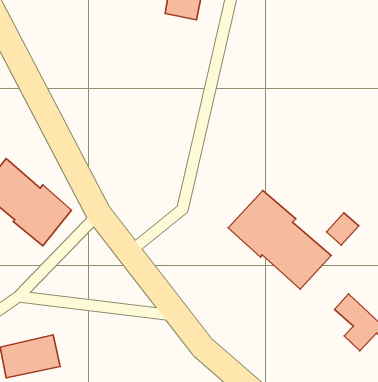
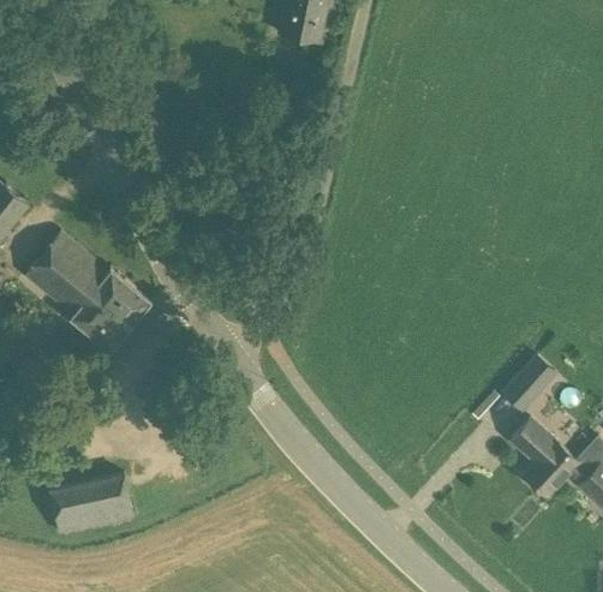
building: [228,191,331,289] -> none
building: [326,213,359,245] -> [501,367,545,412]

